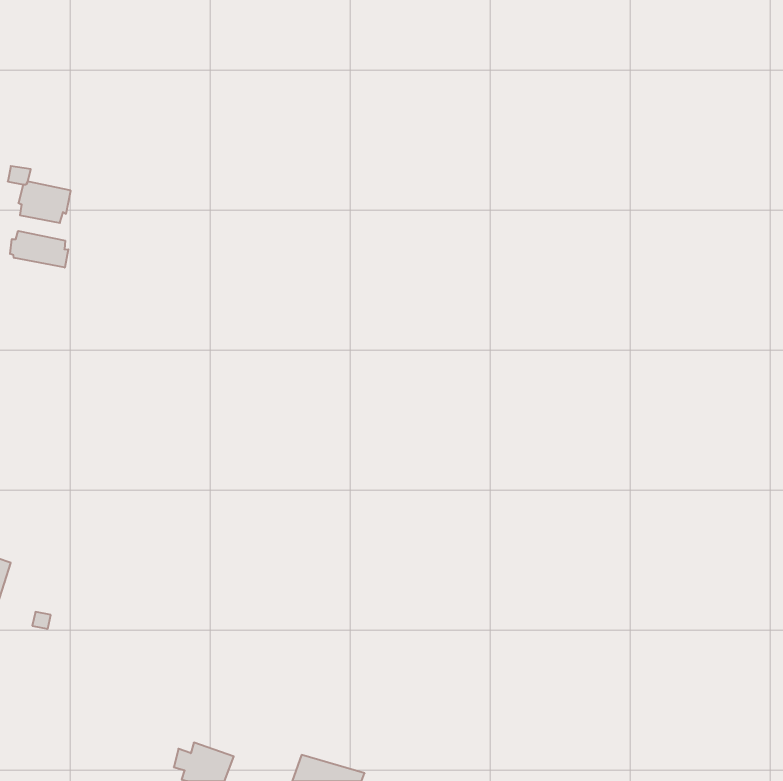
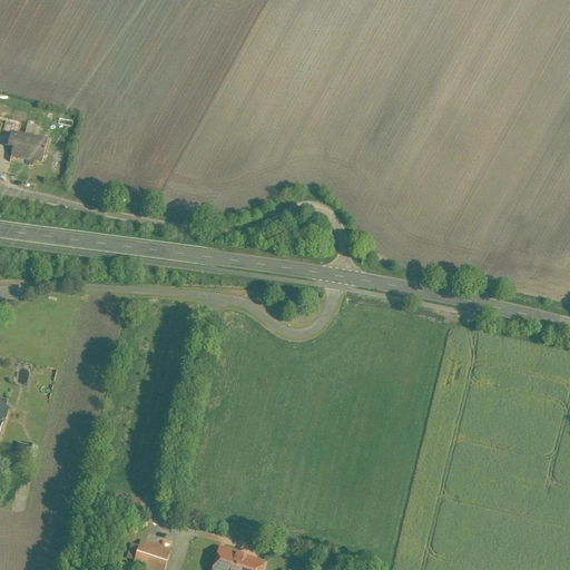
building: [10,231,68,268] -> none

